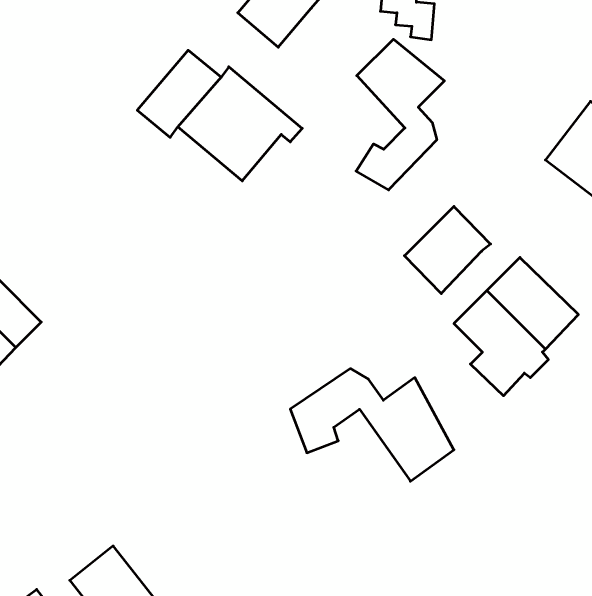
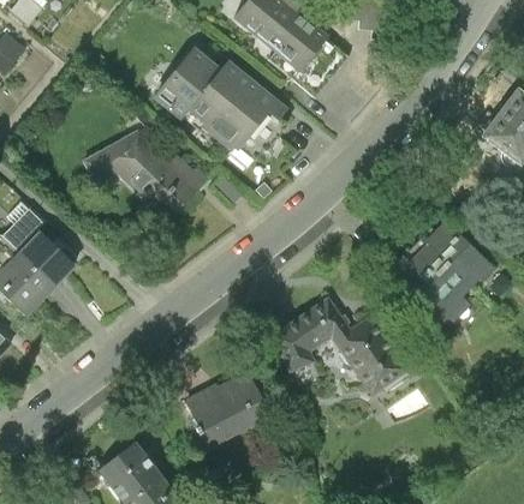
building: none -> [266,14,324,72]
building: [356,39,444,190] -> none
building: none -> [84,127,208,223]
building: [404,206,491,294] -> none
building: none -> [187,377,276,445]

